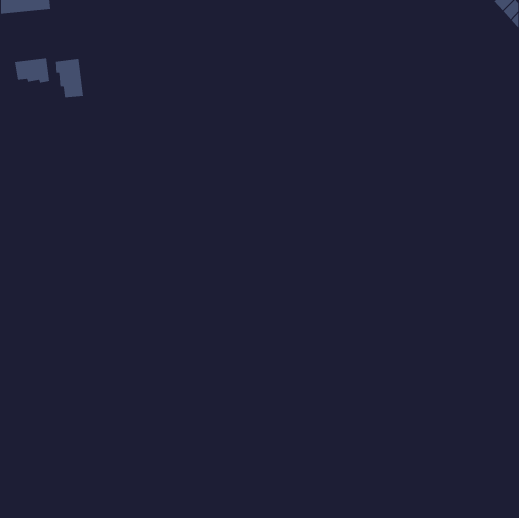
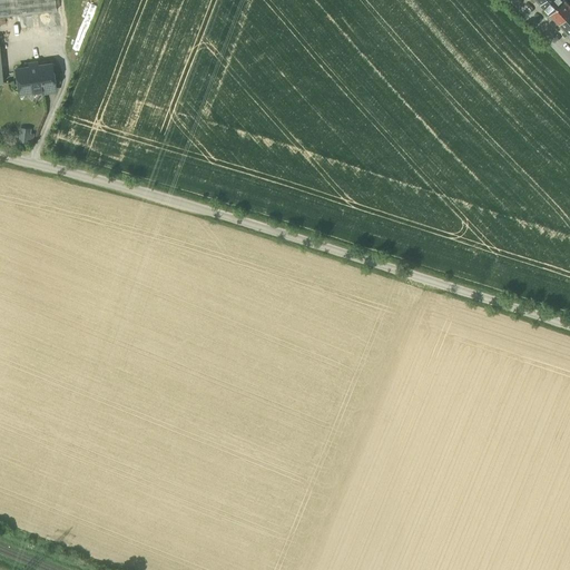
building: [55,58,83,98] -> none

